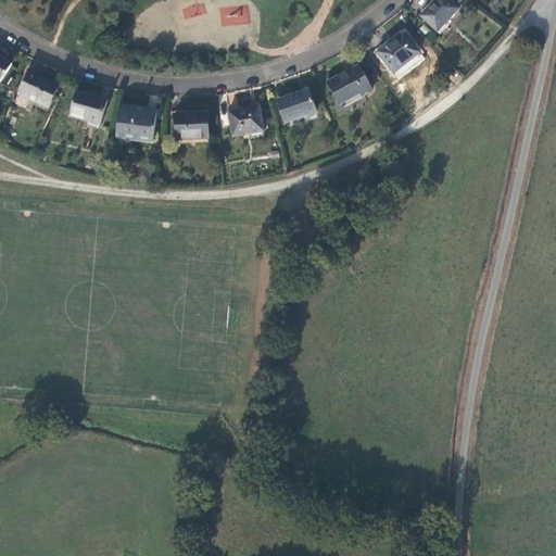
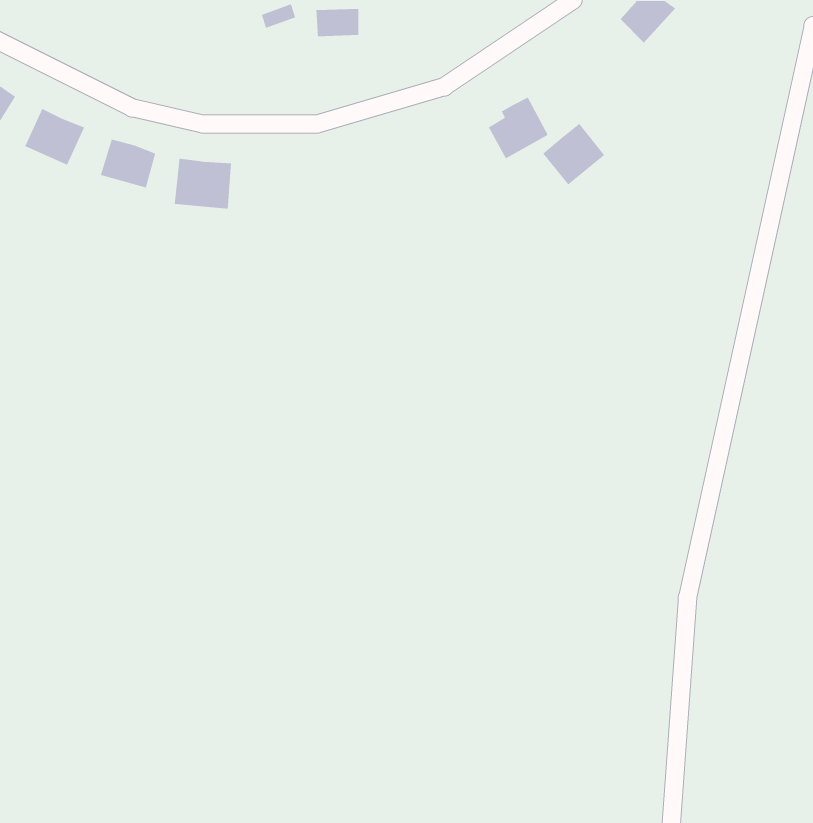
building: [376,30,418,73] -> [542,123,605,186]
building: [276,87,314,121] -> none
building: [227,105,263,137] -> none
building: [175,111,208,138] -> none

